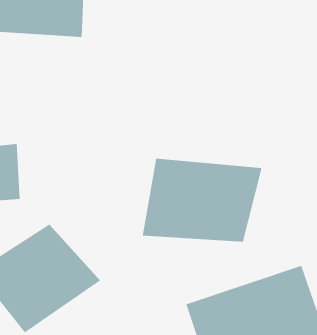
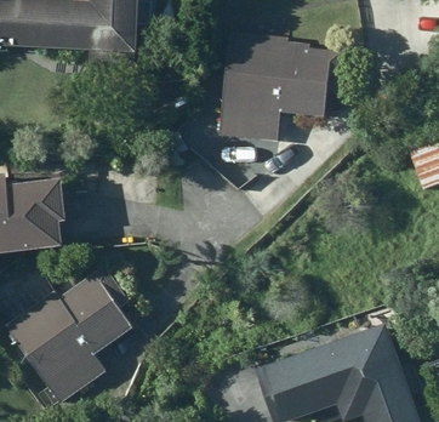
building: none -> [218,35,326,144]
building: [142,158,262,242] -> none

